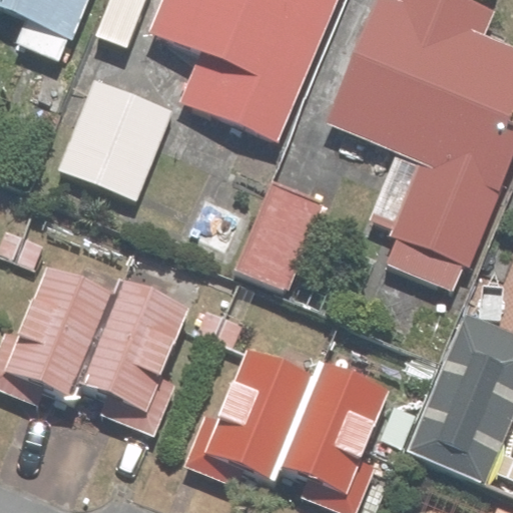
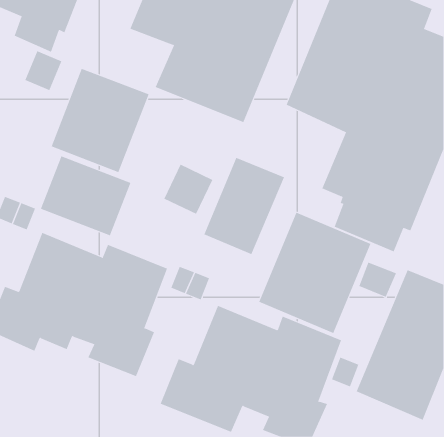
building: none -> [40,155,131,236]
building: none -> [258,212,371,334]

